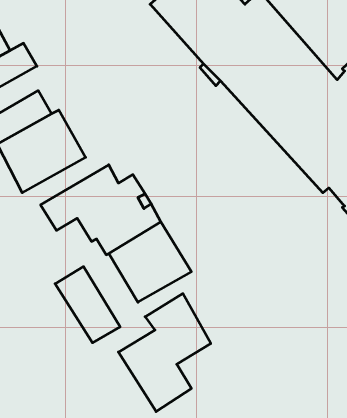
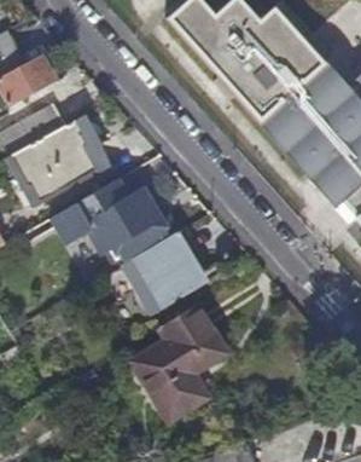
building: [55,267,120,343] -> none

